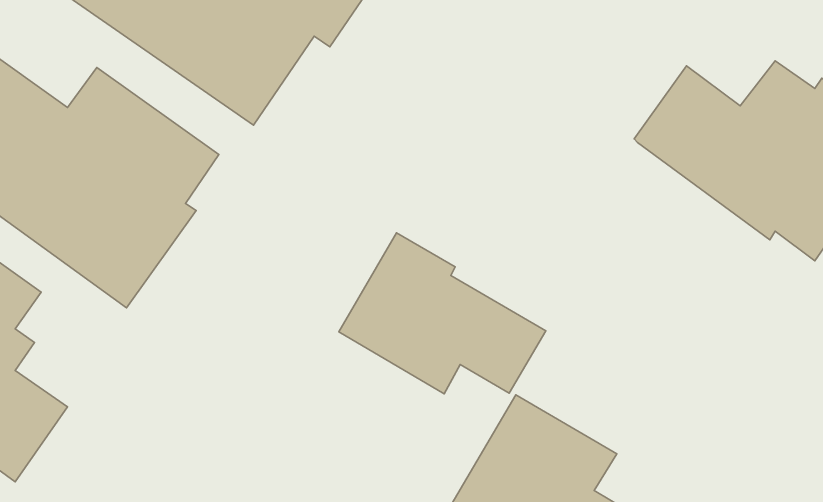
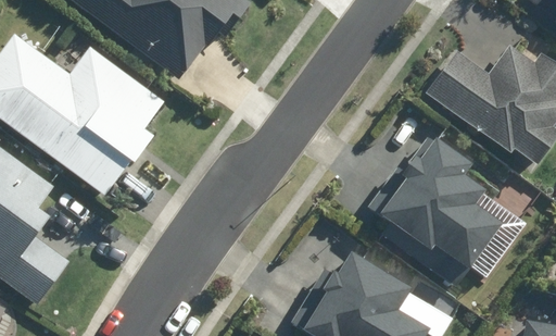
building: none -> [379,133,516,283]
building: [339,233,546,394] -> none

